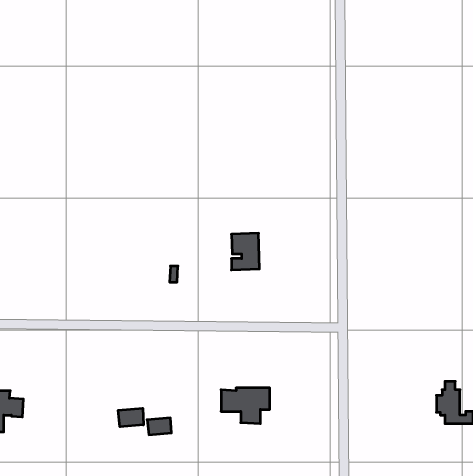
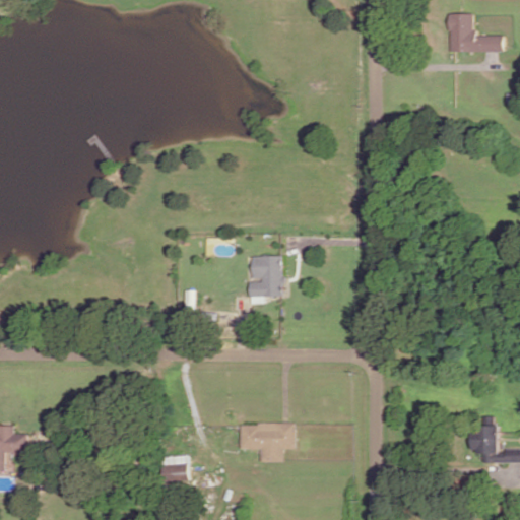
building: none -> [449,14,502,51]
building: [118,408,143,427] -> none

